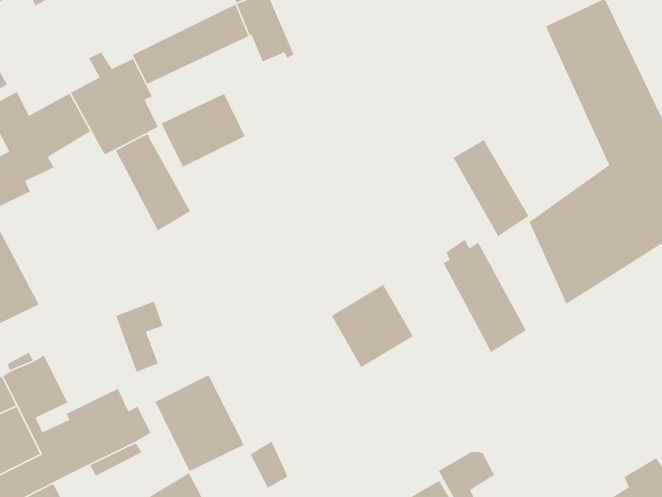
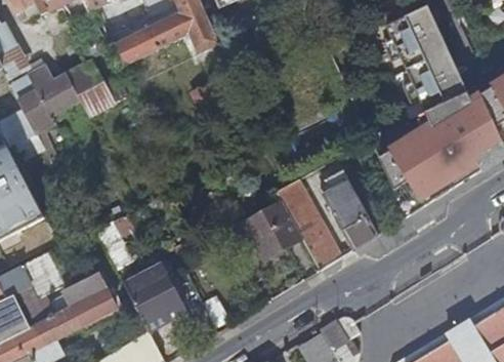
building: [161,93,246,168] -> none
building: [115,133,191,231] -> none
building: [453,139,529,237] -> [291,202,343,269]

